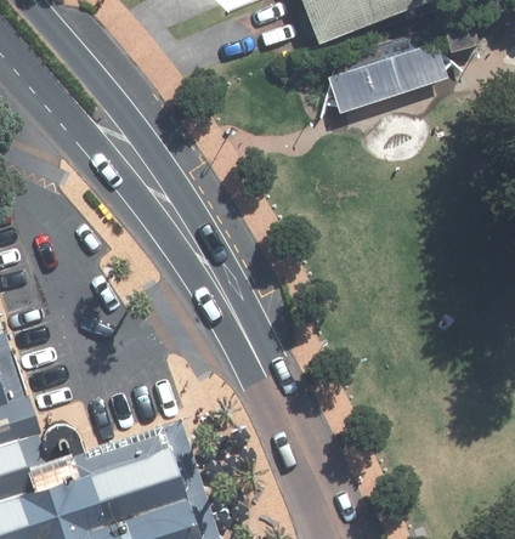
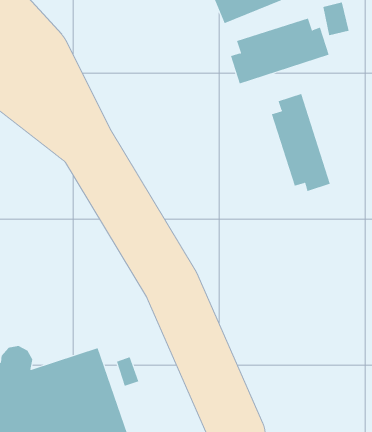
building: none -> [271,93,331,192]

